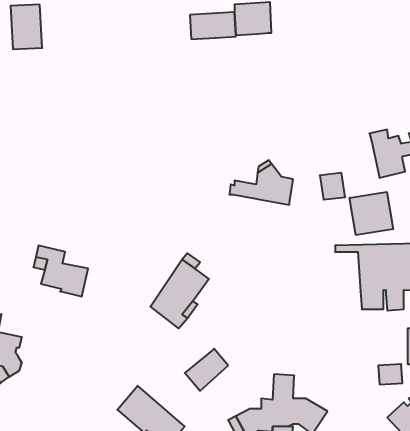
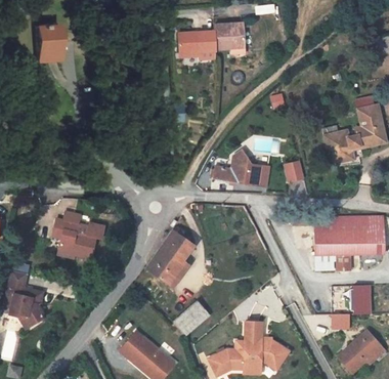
building: [350,192,393,235] -> none

